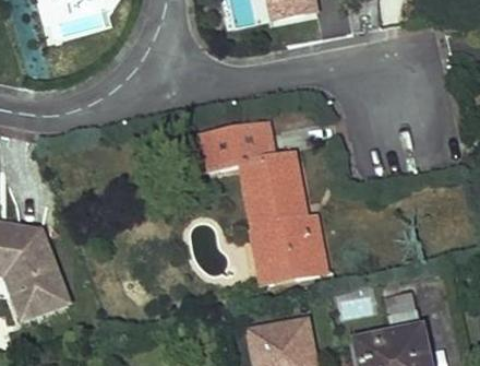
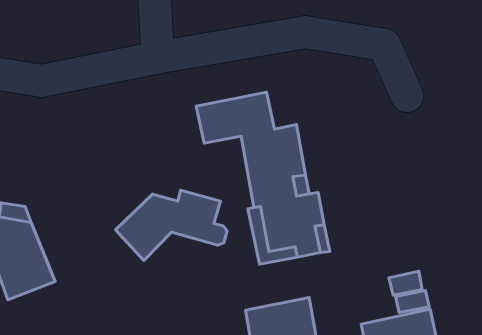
building: none -> [115,190,227,261]

